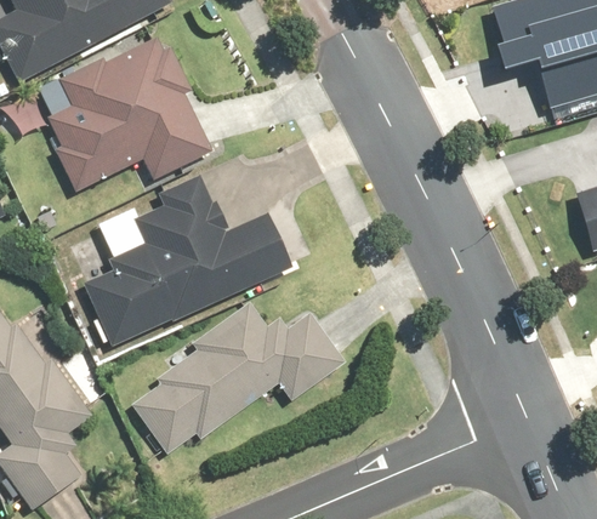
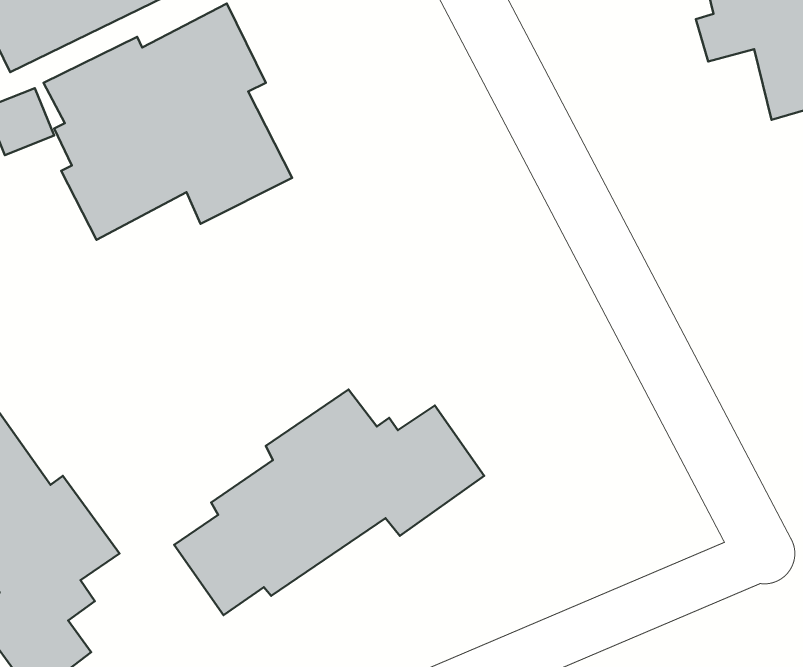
building: [81,171,288,348] -> none

